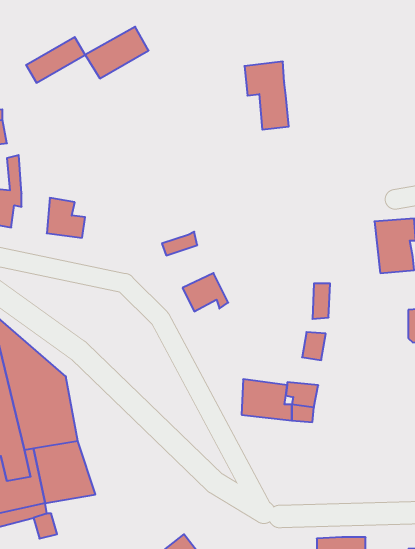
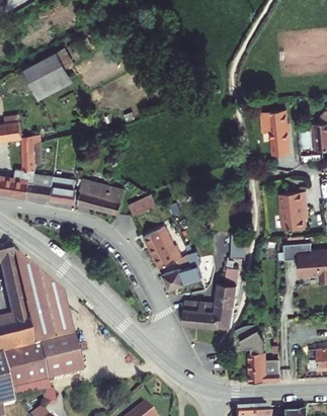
building: [85,27,149,78] -> [25,48,69,83]
building: [244,62,289,130] -> [258,106,289,153]
building: none -> [25,171,52,198]
building: none -> [77,175,125,212]
building: none -> [151,242,188,268]
building: none -> [162,264,200,288]
building: none -> [215,283,238,303]
building: none -> [235,330,281,384]

